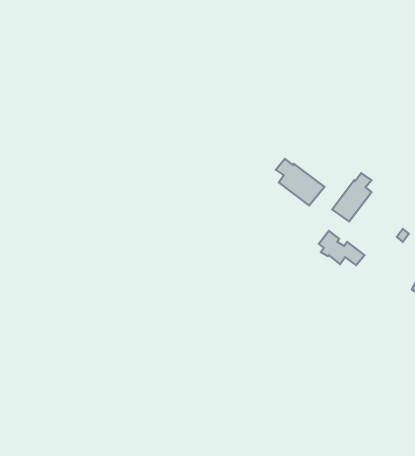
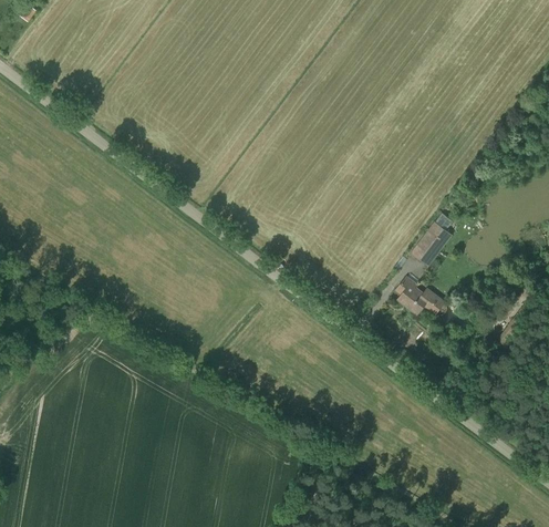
building: [276,159,324,206] -> none

